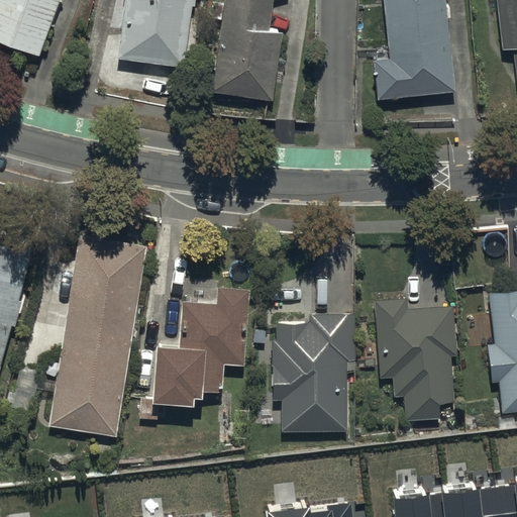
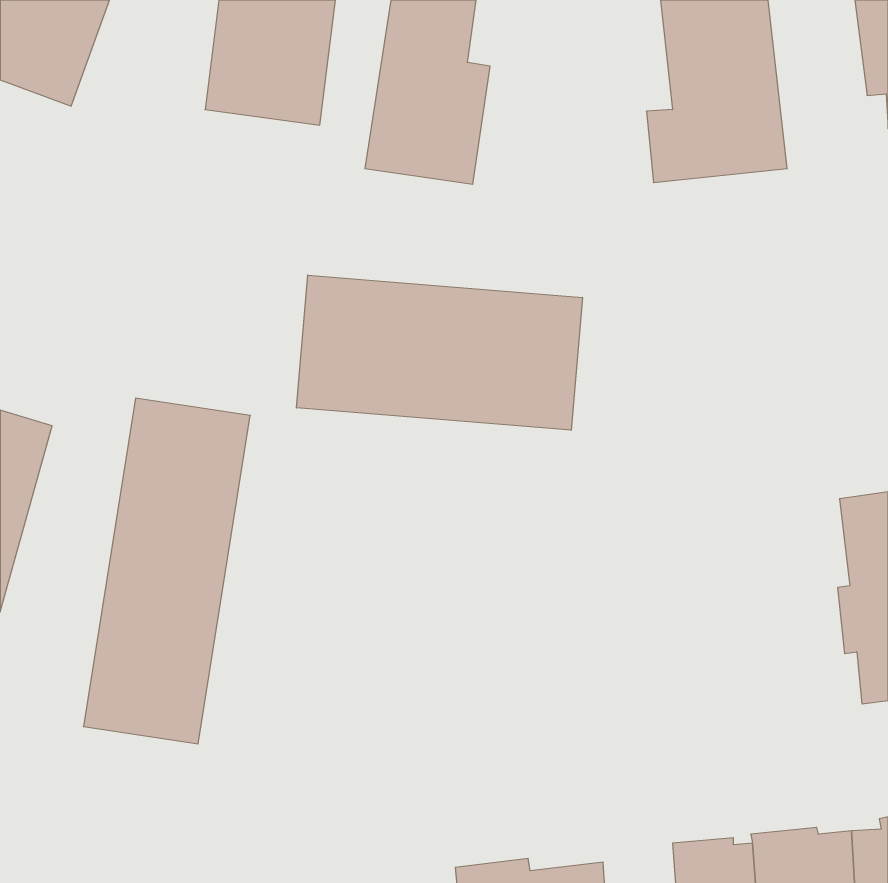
building: none -> [296,275,582,430]
building: [150,286,248,402] -> none
building: [373,297,455,420] -> none
building: [271,314,354,431] -> none

